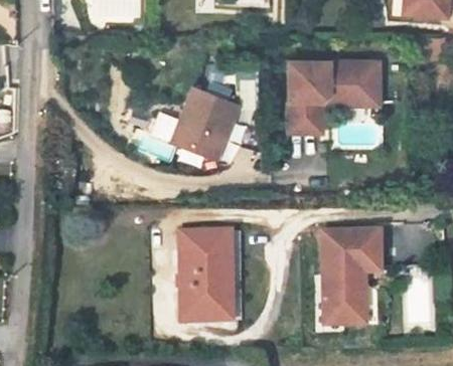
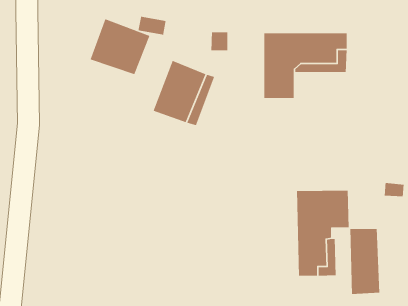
building: none -> [90,18,150,75]
building: [176,234,240,327] -> none
building: none -> [349,228,380,295]

